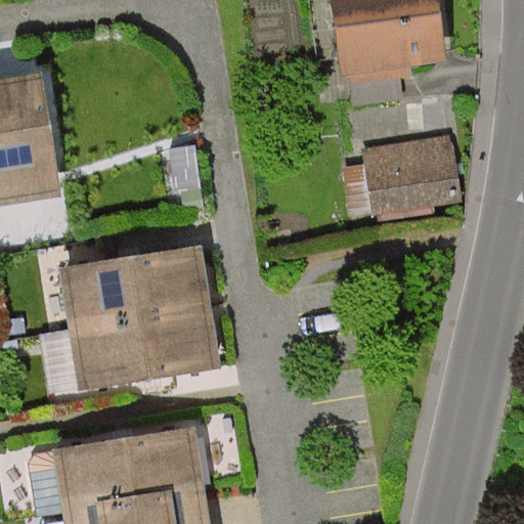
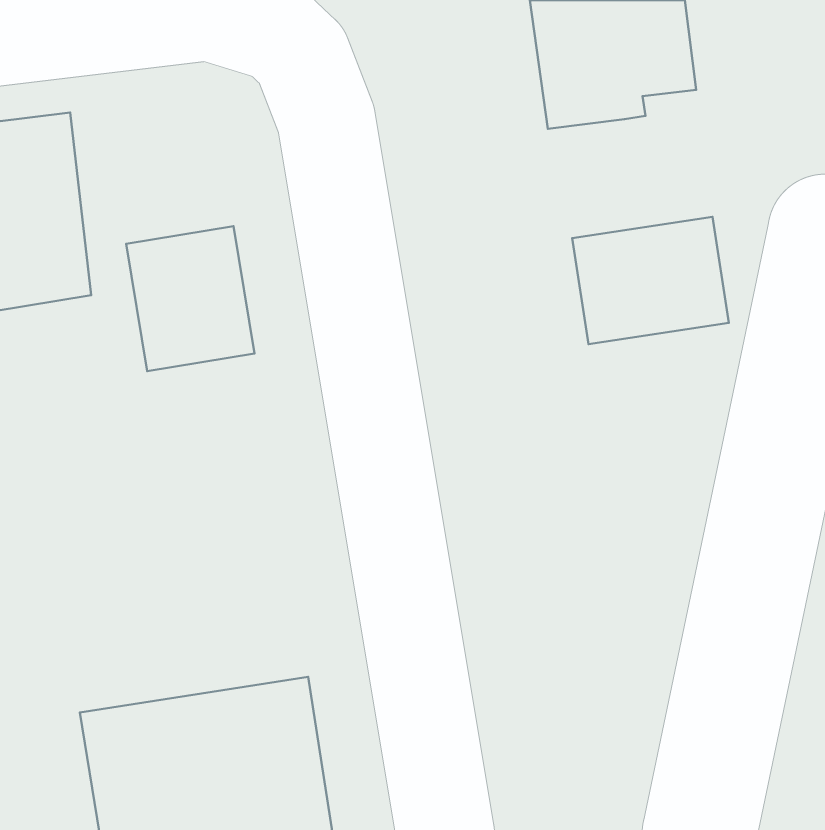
building: none -> [126,226,255,371]
building: [57,246,219,391] -> none

